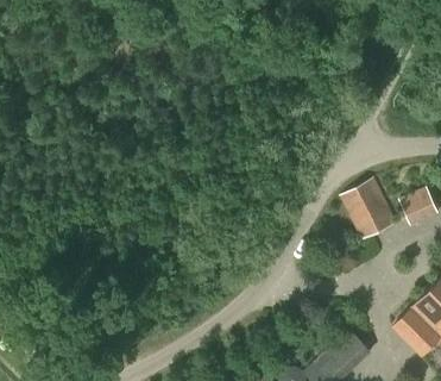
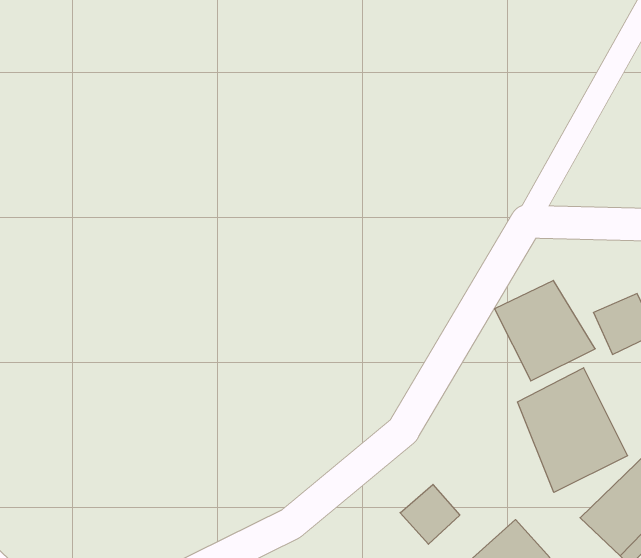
building: none -> [517,368,628,492]
building: none -> [400,484,460,544]

